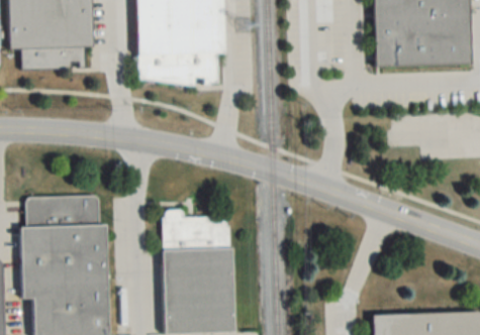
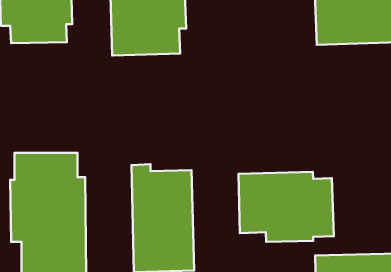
building: none -> [238,172,334,242]

